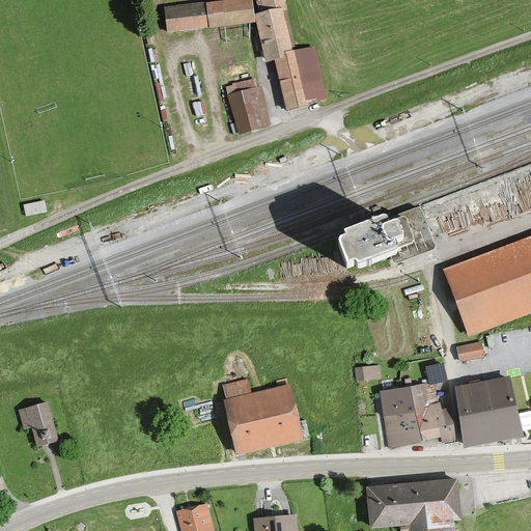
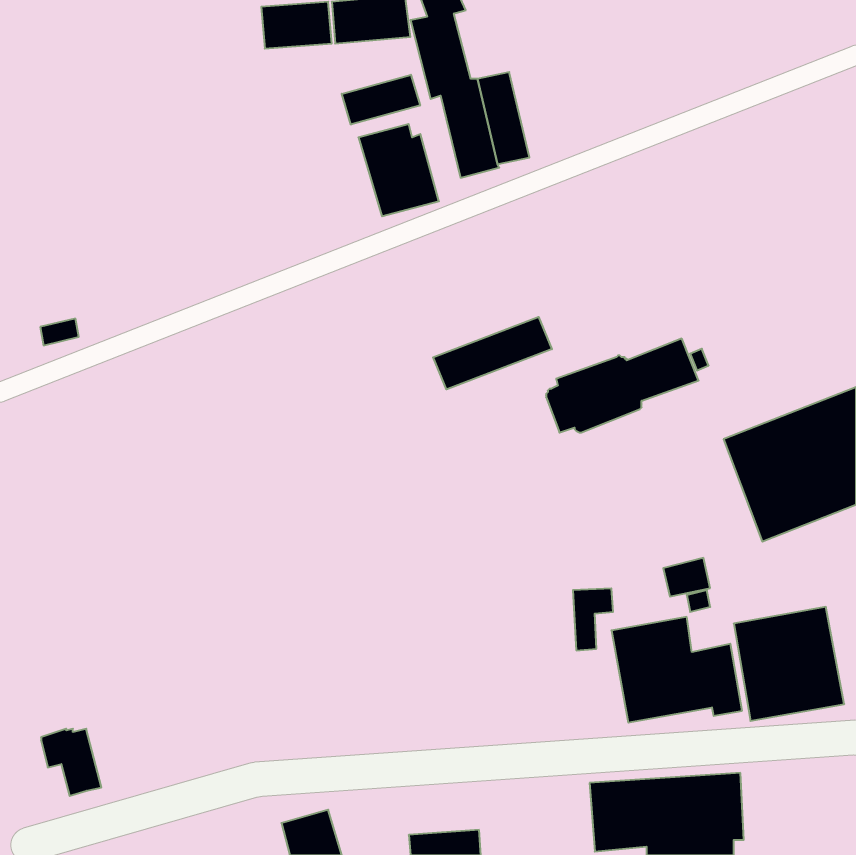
building: none -> [342,75,420,125]
building: none -> [433,317,552,389]
building: [455,338,484,362] -> [663,558,710,597]
building: [222,376,305,455] -> none
building: [20,403,57,445] -> [41,729,101,796]

